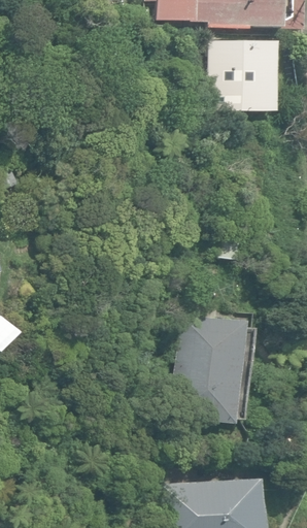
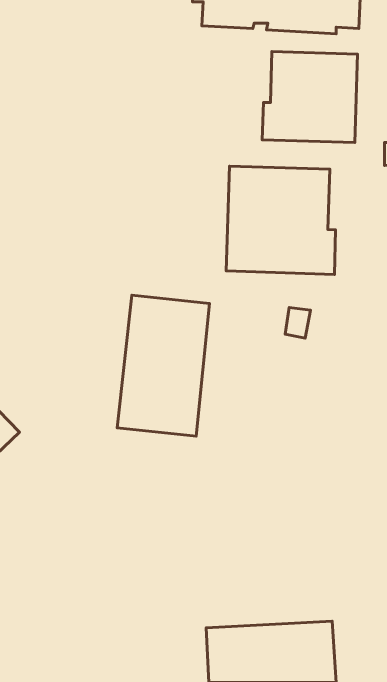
building: none -> [226,166,336,274]
building: [175,315,246,423] -> [117,295,210,436]

